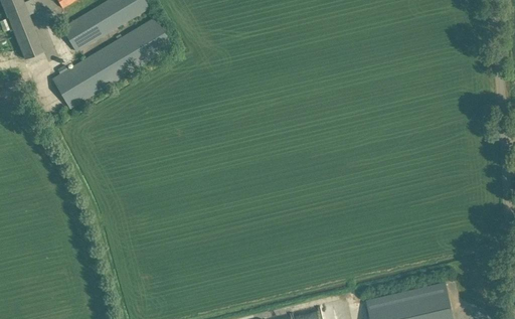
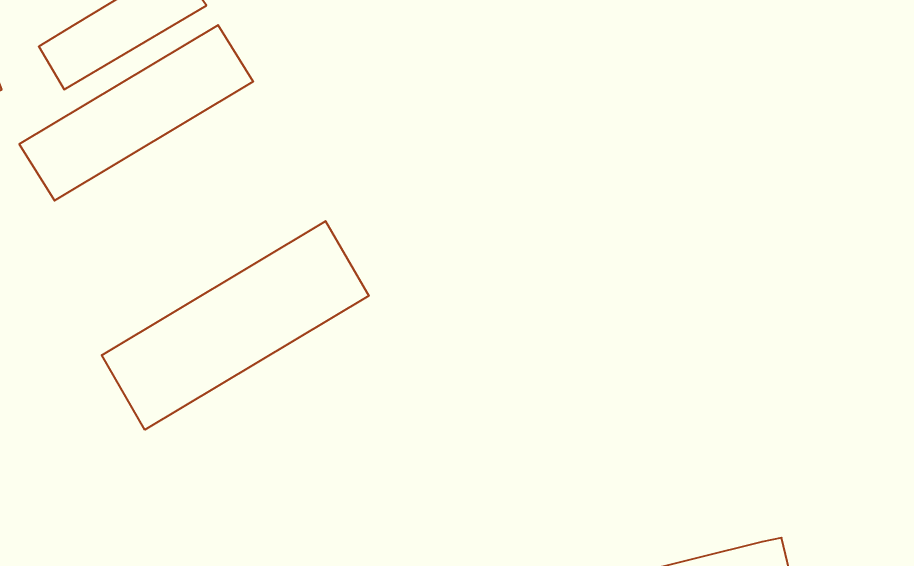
building: none -> [102,221,369,430]

